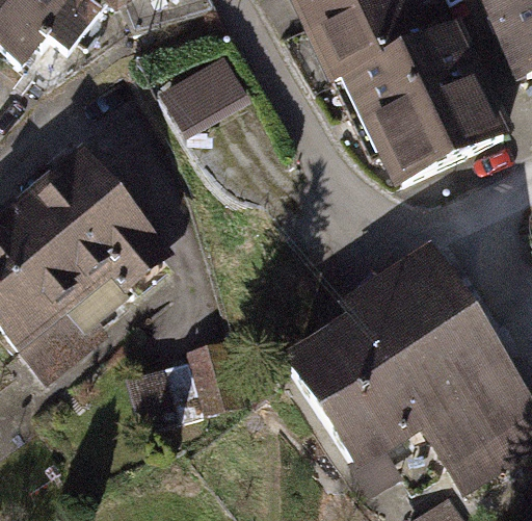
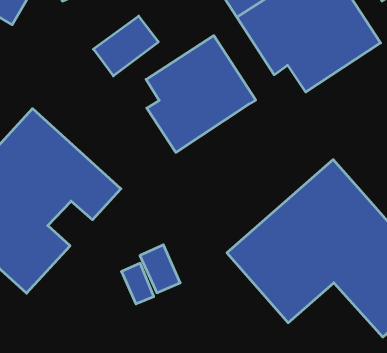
building: none -> [146,36,256,152]

